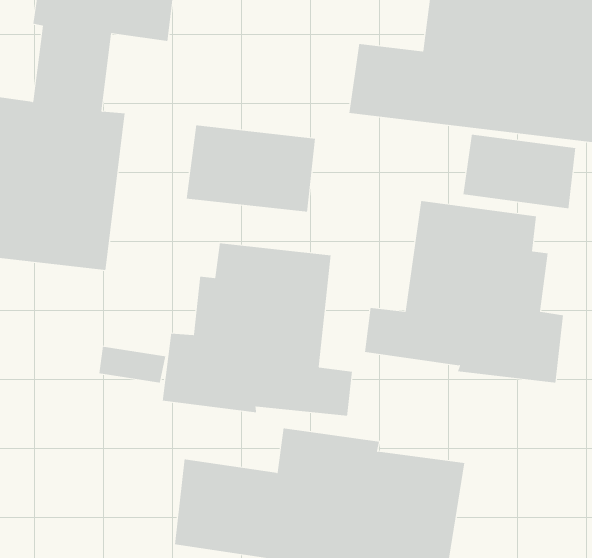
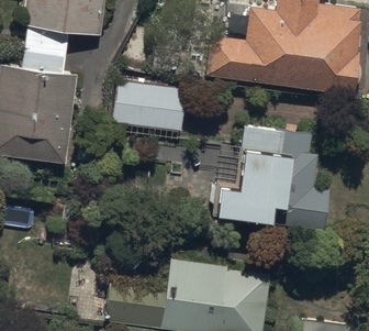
building: [463,134,576,209] -> none
building: [162,242,353,416] -> none

